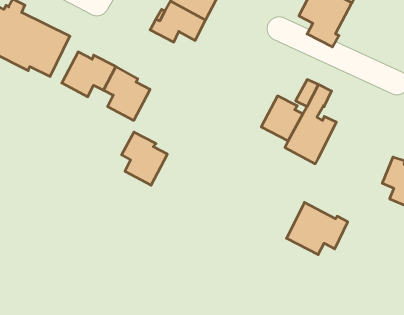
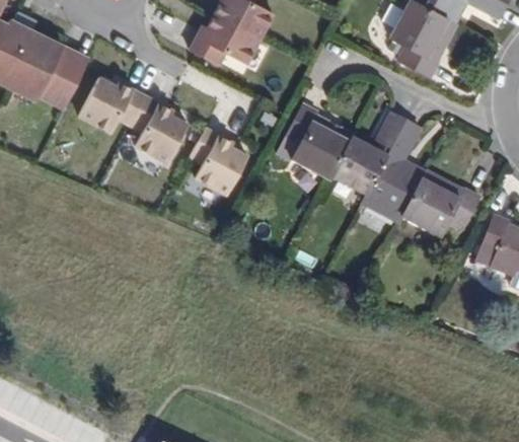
building: none -> [284,99,352,175]
building: [122,132,167,185] -> [194,131,250,197]
building: [286,202,348,255] -> [400,167,476,232]

